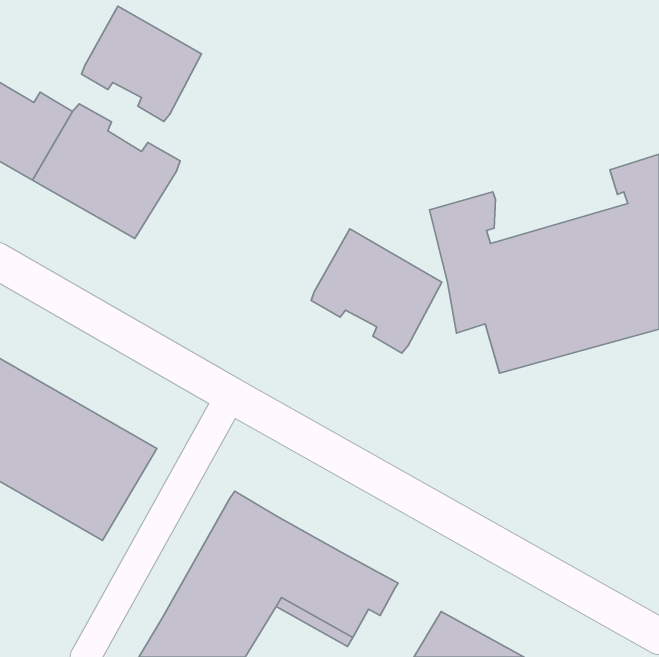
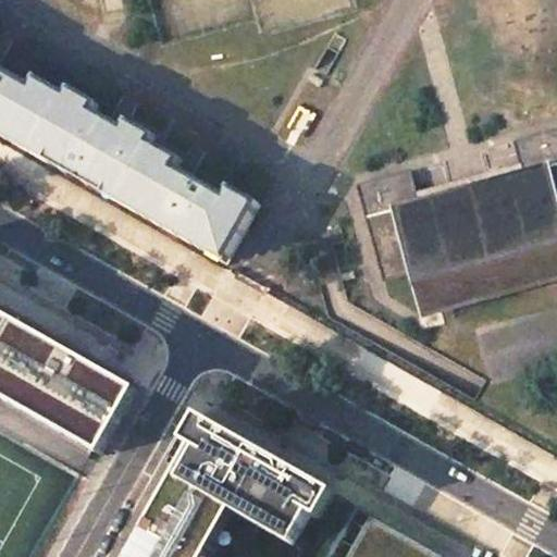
building: [82,6,202,122] -> none
building: none -> [113,144,258,264]
building: [311,229,442,353] -> none

